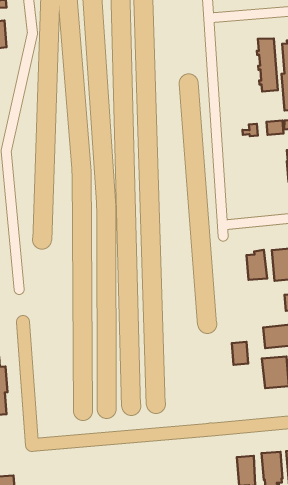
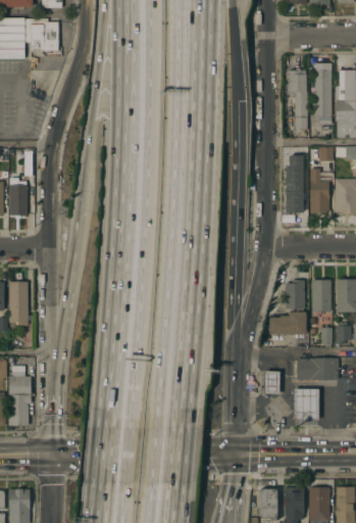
building: none -> [289,70,307,129]
building: none -> [310,168,329,212]
building: none -> [285,179,303,212]
building: none -> [269,312,306,334]

